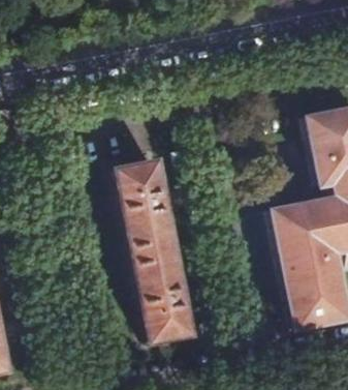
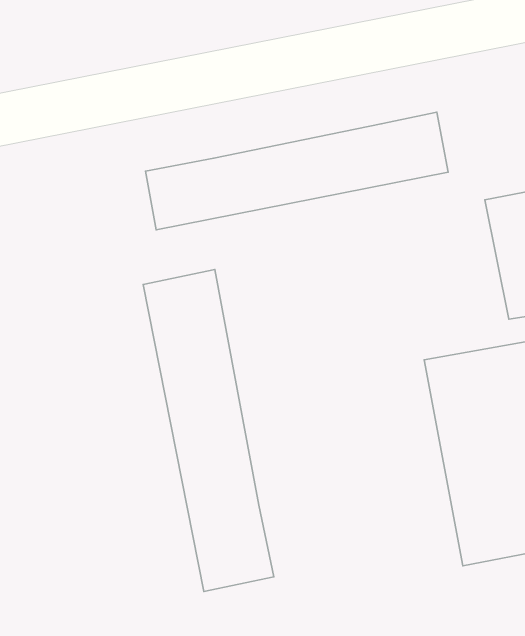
building: none -> [146,112,448,230]

